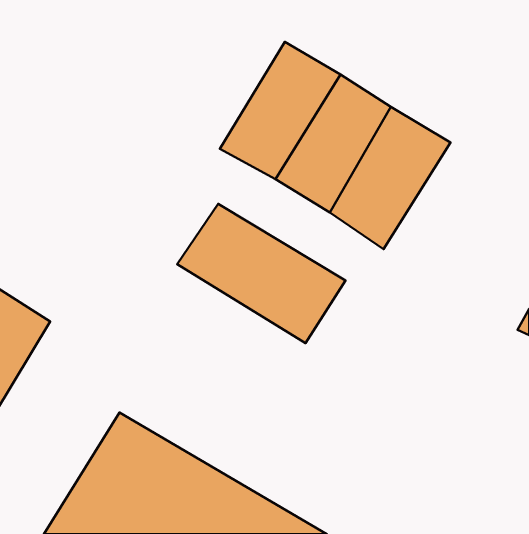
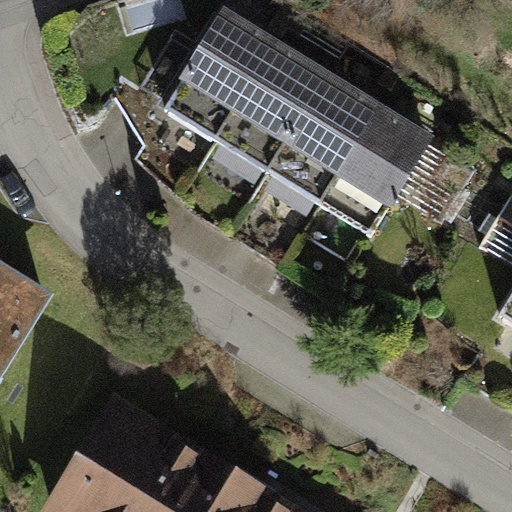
building: none -> [155,8,272,142]
building: [177,204,346,343] -> none

